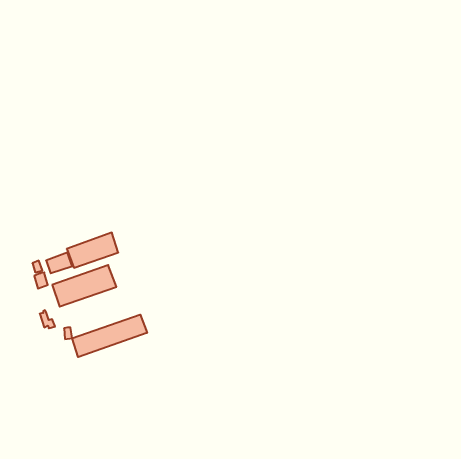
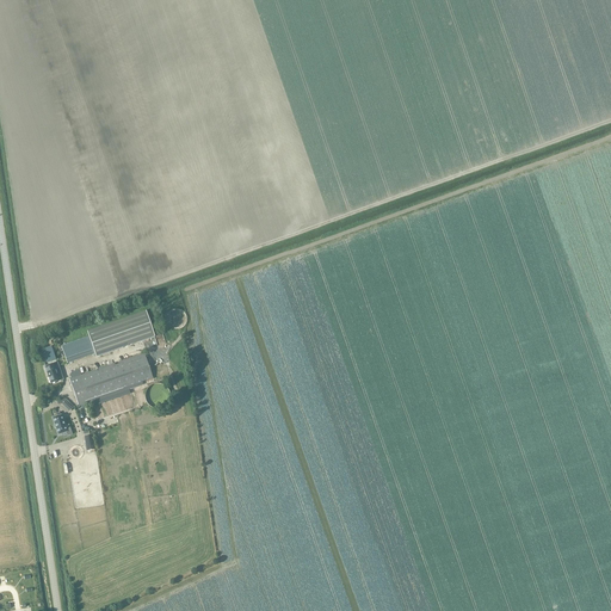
building: [72,315,147,357] -> none

